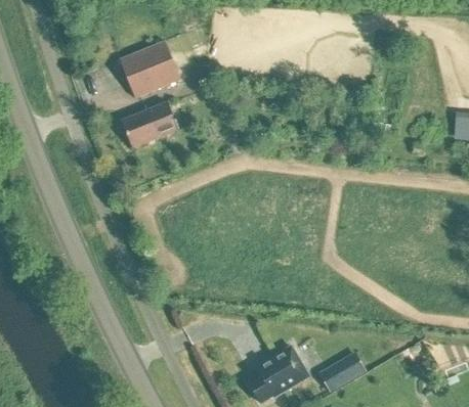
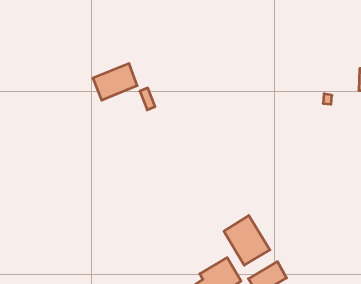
building: [120,42,180,97] -> none
building: none -> [224,215,270,265]

